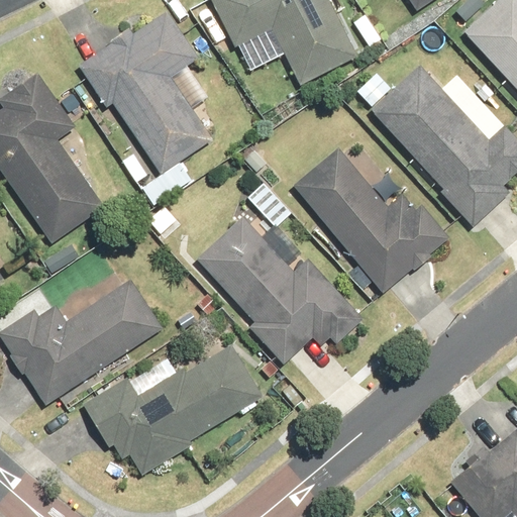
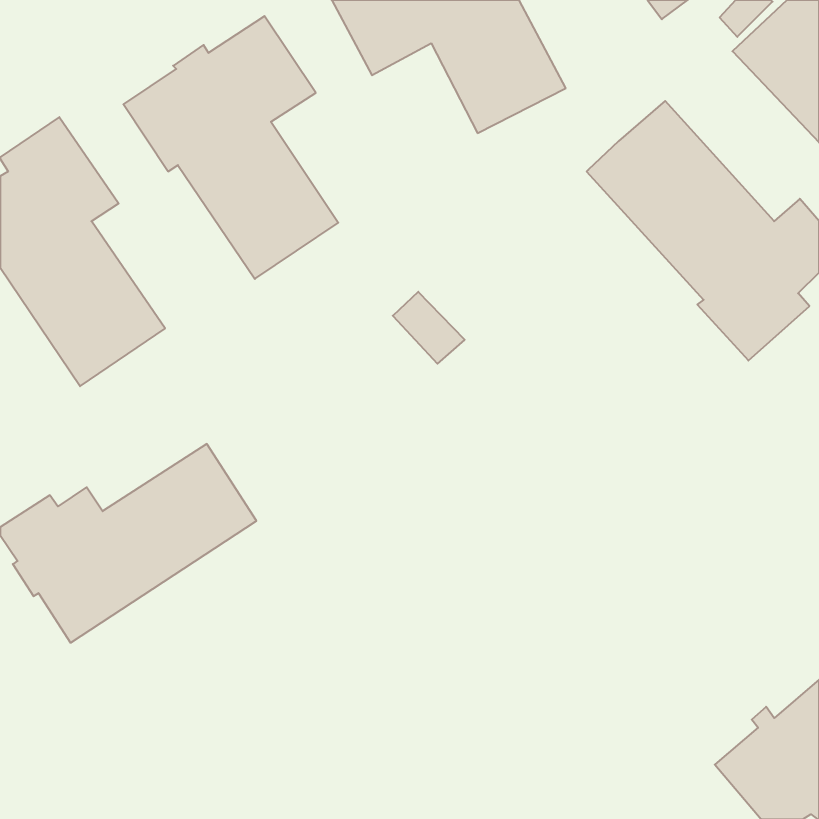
building: [292,148,447,292] -> none
building: [197,217,367,364] -> none
building: [83,345,262,474] -> none

